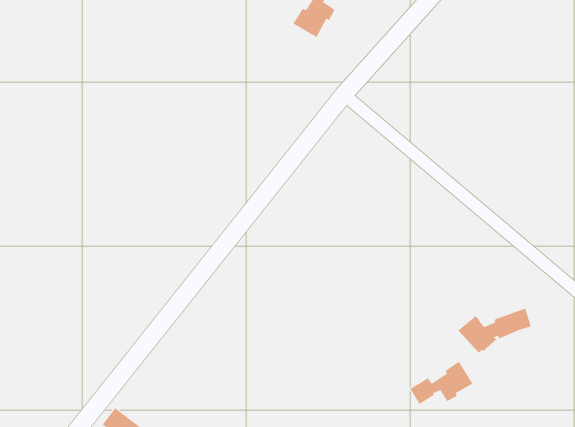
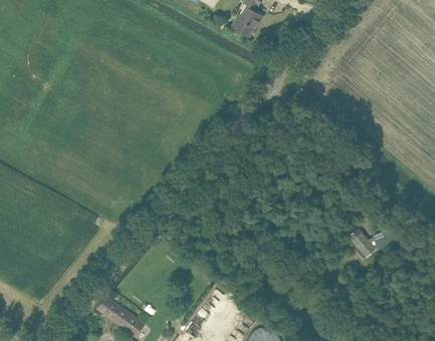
building: [409,361,473,405] -> none

